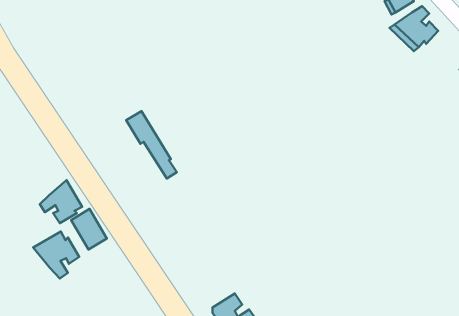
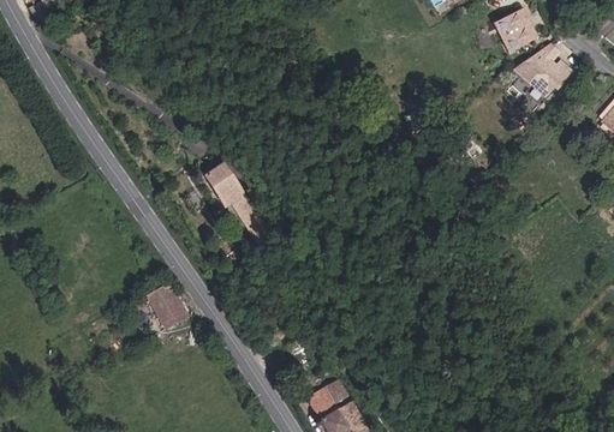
building: [40,180,82,223] -> none
building: [33,231,79,278] -> none

